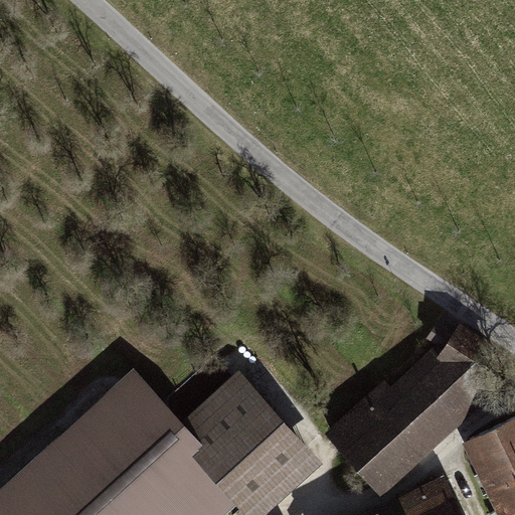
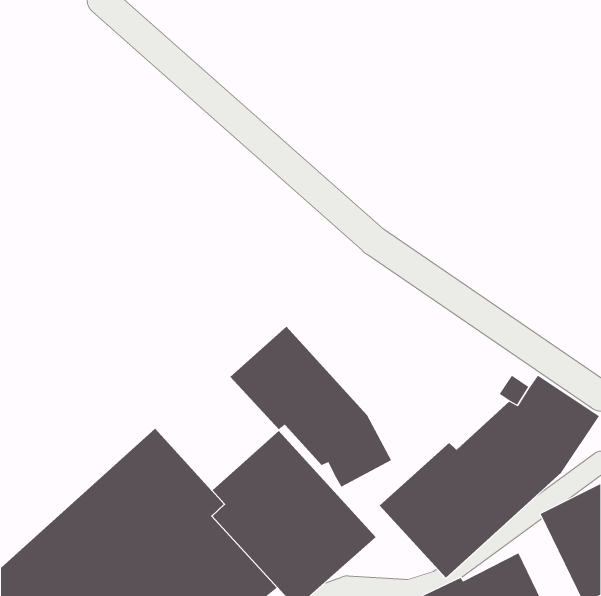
building: none -> [230,326,392,488]

